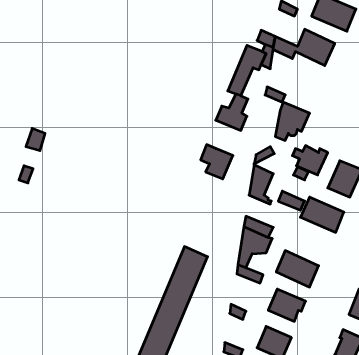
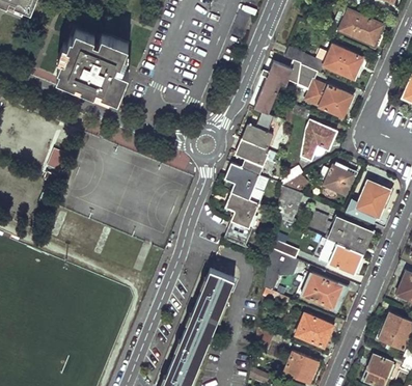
building: none -> [54,27,129,99]
building: none -> [300,67,353,119]
building: none -> [236,139,270,175]
building: none -> [224,192,260,248]
building: none -> [320,239,365,275]

